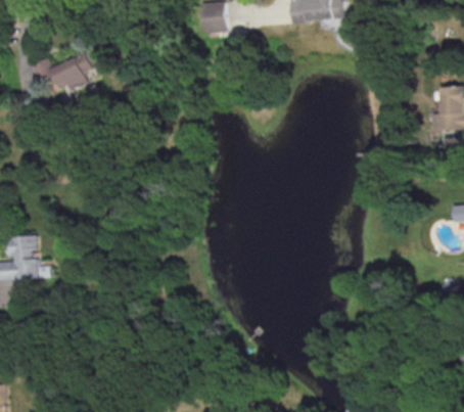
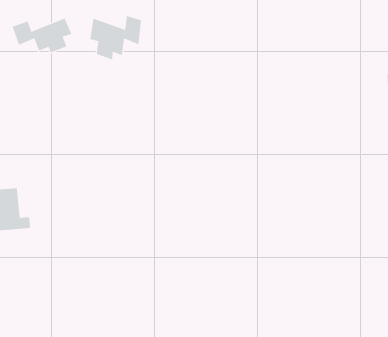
building: none -> [90,15,142,60]

